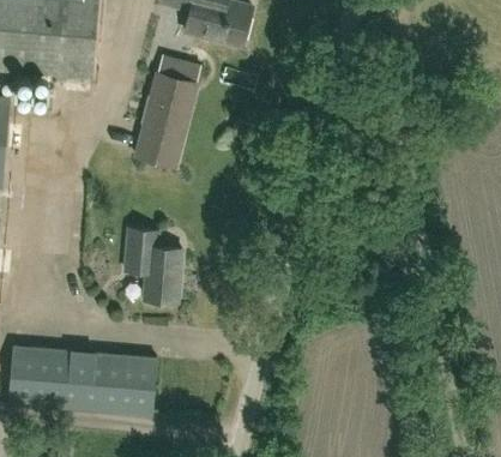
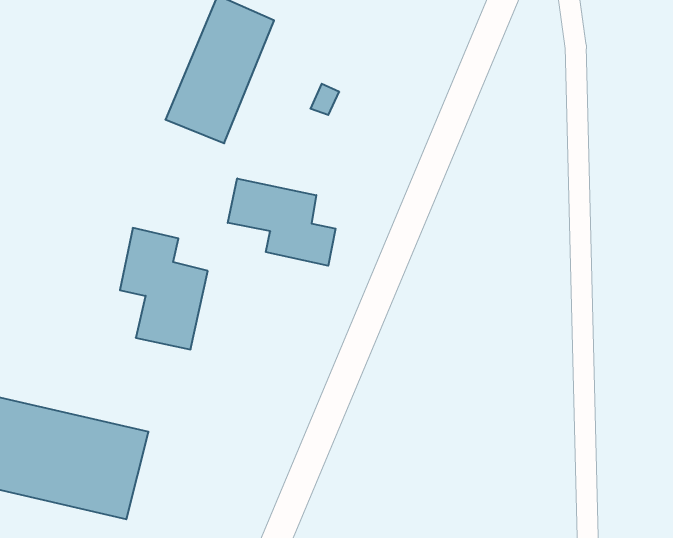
building: none -> [228,178,336,266]

